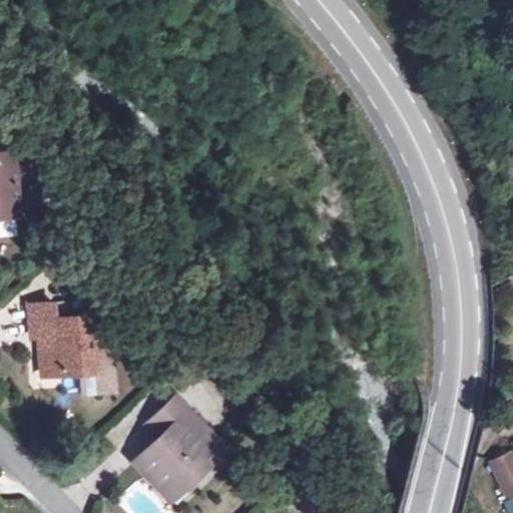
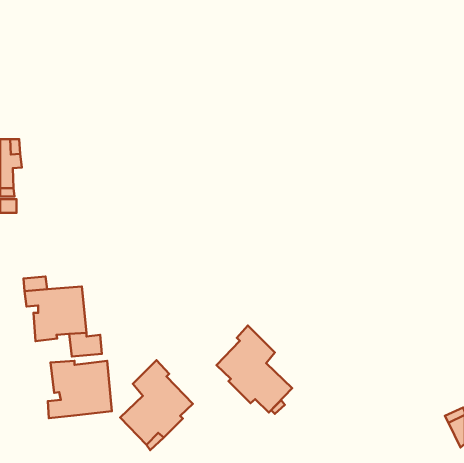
building: none -> [216,325,292,413]
building: none -> [48,361,112,418]

